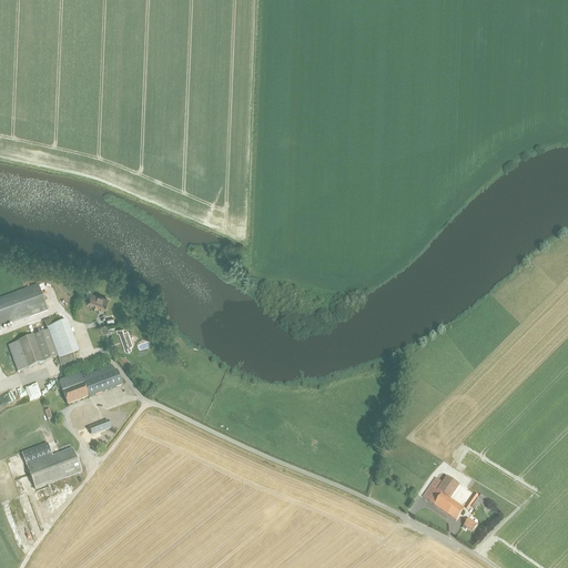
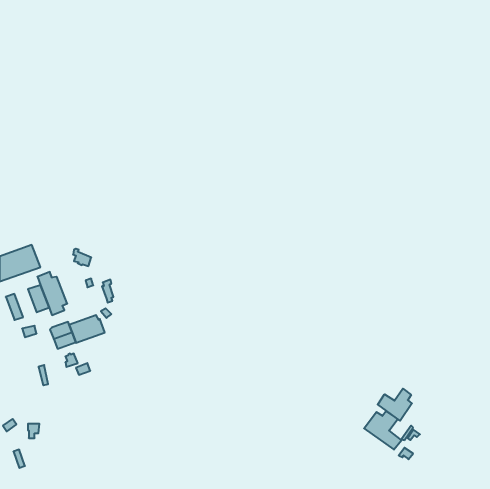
building: [17,334,42,366] -> none
building: [20,442,80,487] -> none
building: none -> [378,389,412,421]

